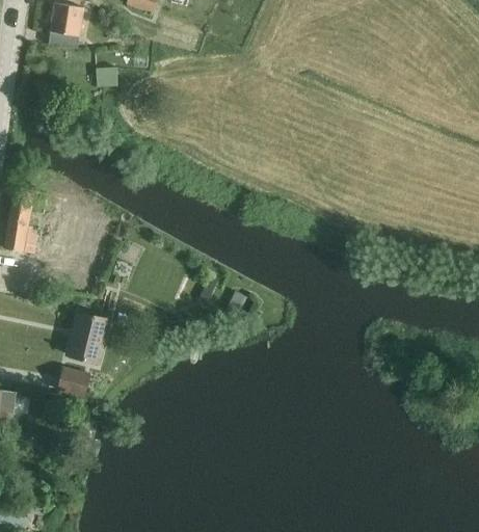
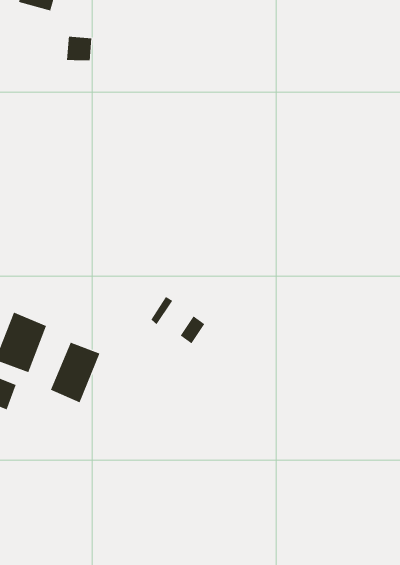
building: none -> [50,342,100,403]

